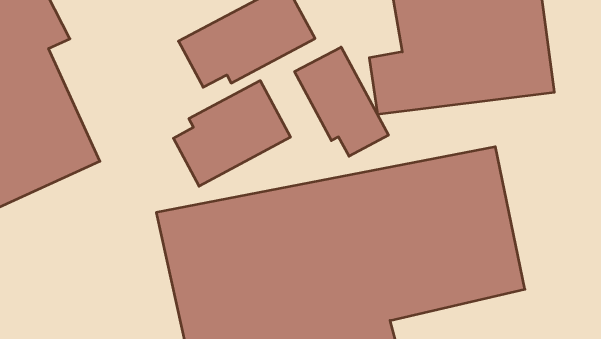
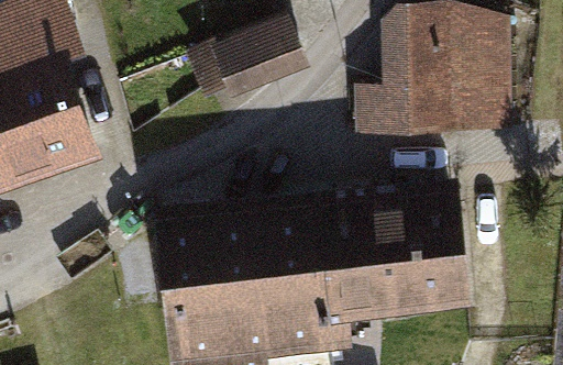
building: [295,47,388,156] -> none
building: [173,81,290,186] -> none

